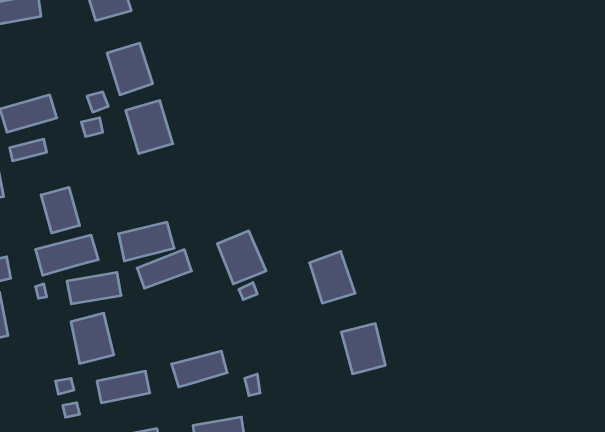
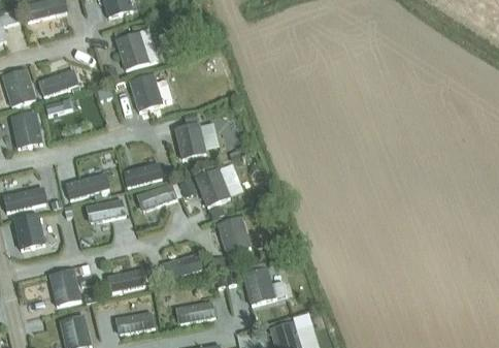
building: none -> [174,122,206,158]
building: [41,187,80,233] -> none
building: [309,251,355,303] -> [218,216,251,253]
building: [71,313,114,363] -> [49,268,80,305]
building: [341,324,385,374] -> [242,267,274,304]

